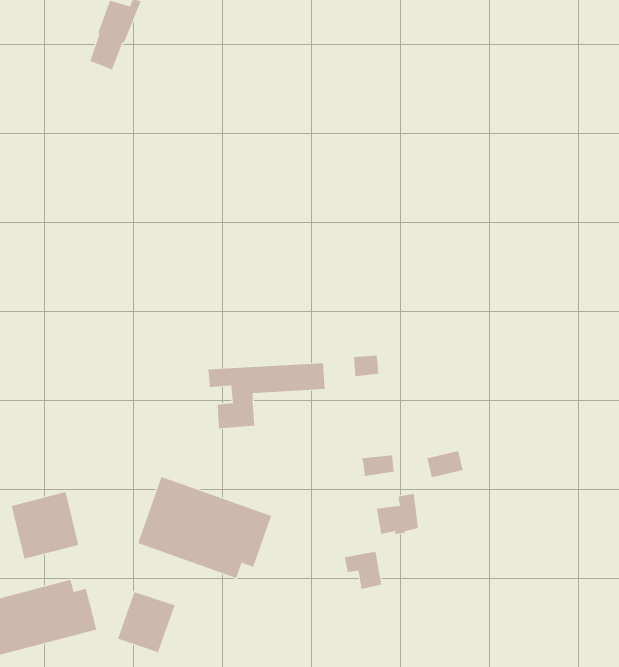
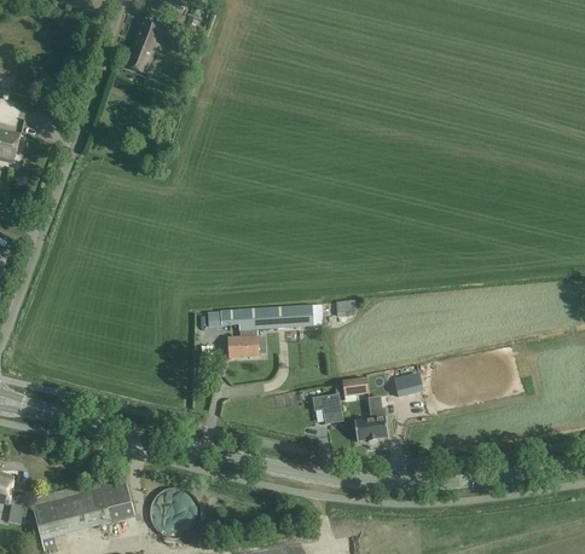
building: [137,476,272,579] -> none
building: [11,491,79,560] -> none
building: [344,551,382,589] -> [313,393,343,423]

